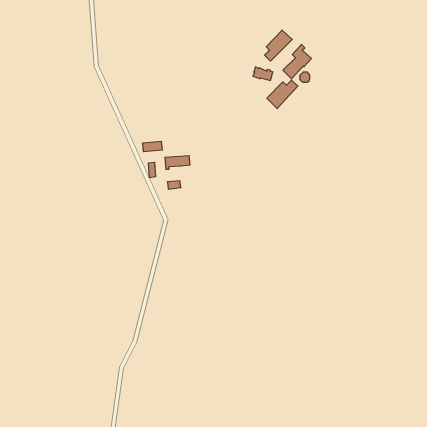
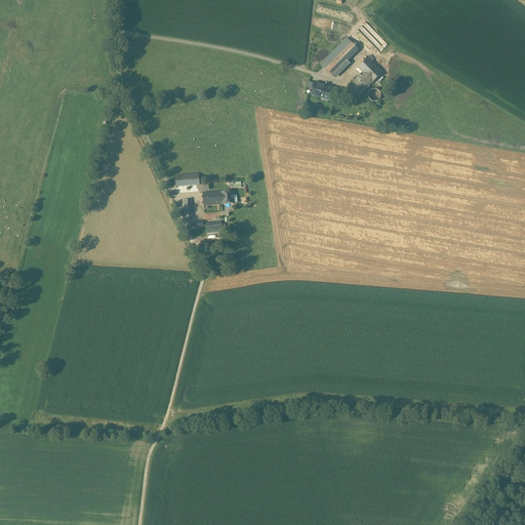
building: [267,80,298,109] -> none

